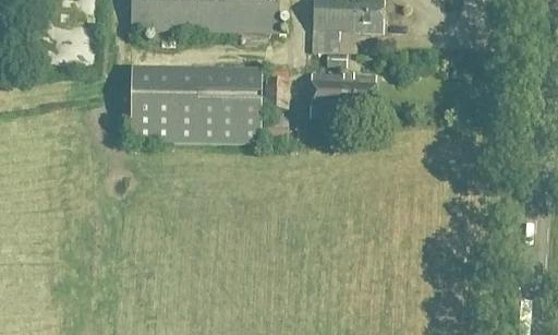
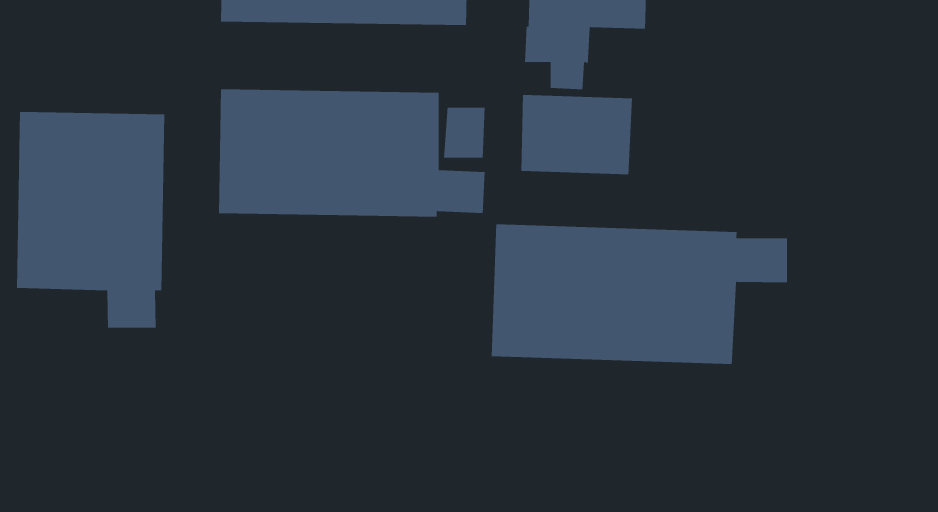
building: none -> [16,111,165,329]
building: none -> [491,223,788,365]

